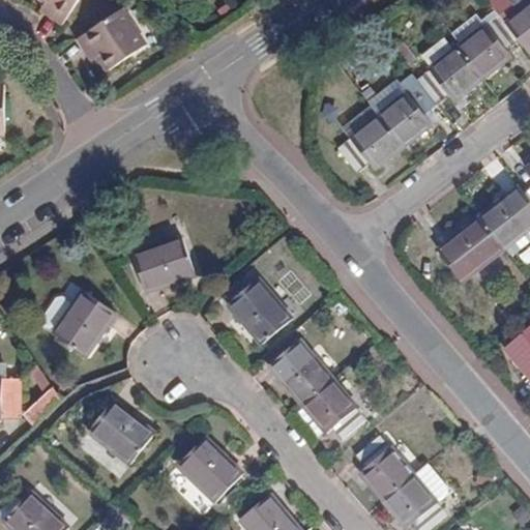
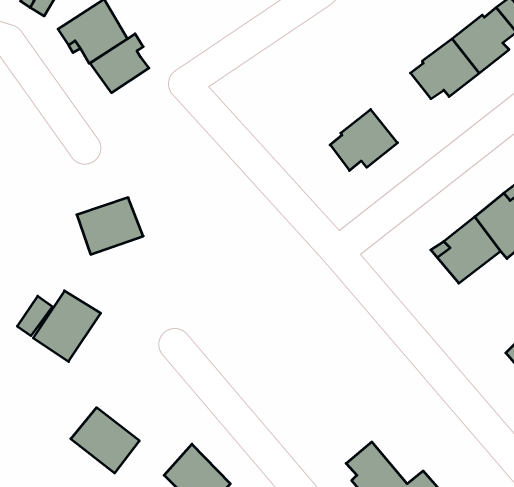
building: none -> [90,34,149,93]
building: [378,79,436,146] -> none
building: [131,237,196,292] -> [77,198,143,254]
building: [226,277,292,345] -> none
building: [273,340,366,441] -> none

